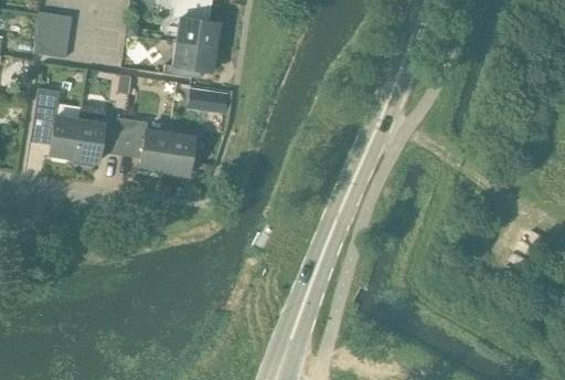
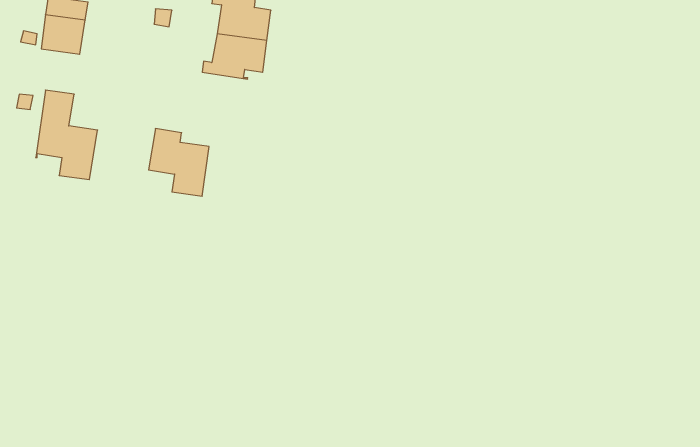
building: [188,87,228,115] -> none
building: [74,106,127,162] -> none
building: [164,129,204,177] -> none

